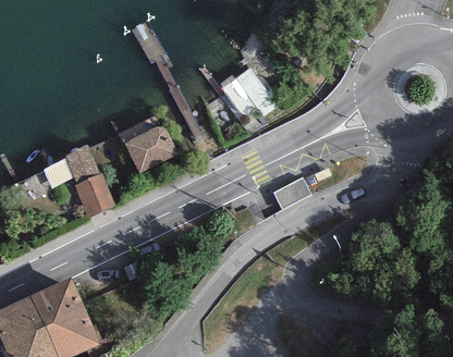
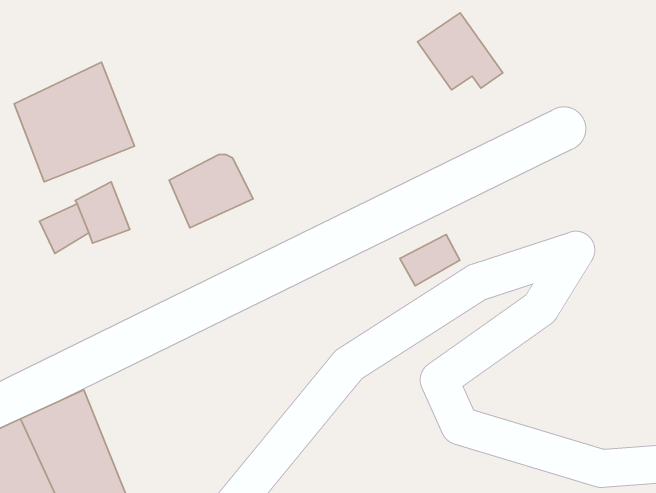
building: none -> [14,62,134,182]
building: [222,69,277,118] -> [417,13,503,90]
building: [74,173,115,217] -> none

